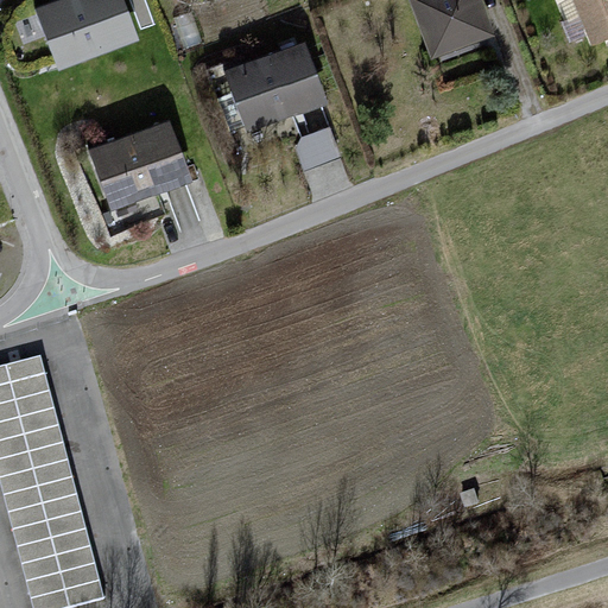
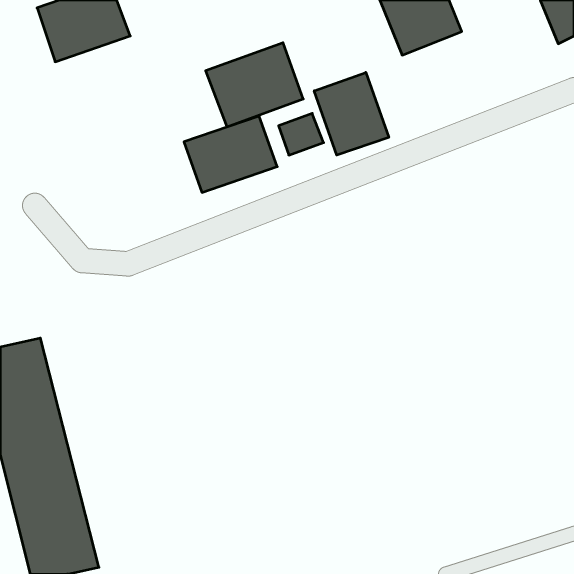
building: none -> [314,72,389,155]
building: [91,124,190,204] -> [184,116,277,192]

